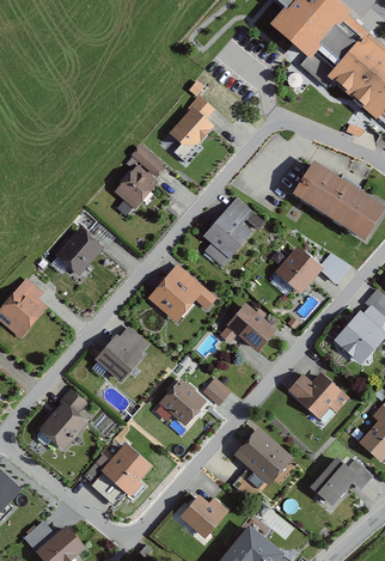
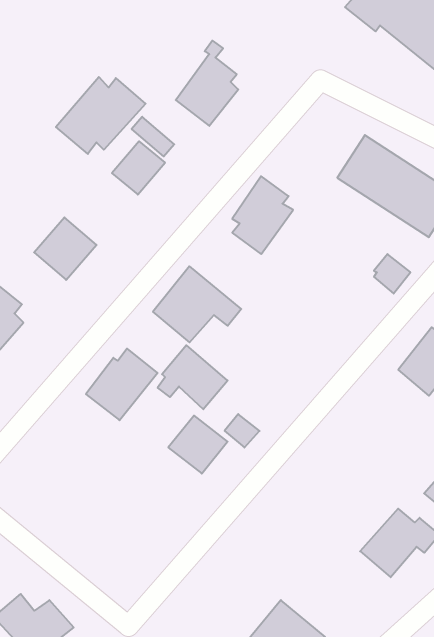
building: none -> [56,77,146,154]
building: [275,246,322,294] -> none
building: [221,304,276,354] -> [158,345,228,409]
building: [287,371,349,419] -> none
building: [37,389,88,451] -> none
building: [237,428,289,480] -> none
building: [100,444,154,496] -> none
building: [179,496,228,539] -> none

